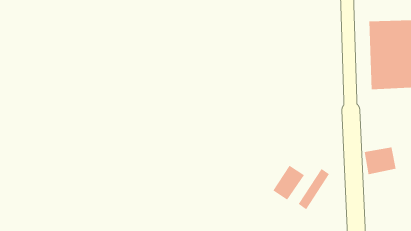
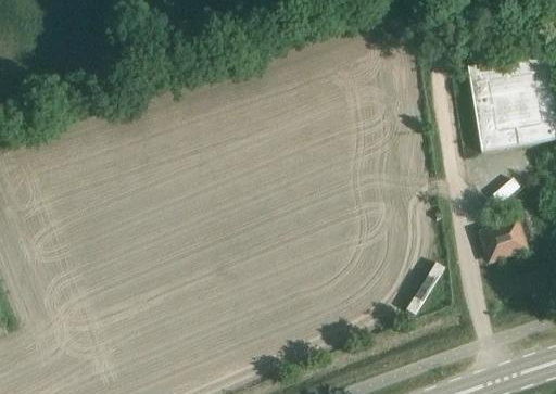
building: [272,165,305,201] -> none

